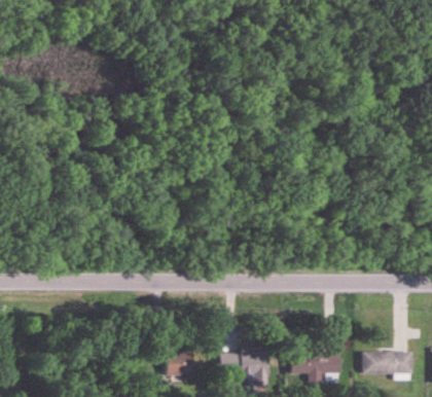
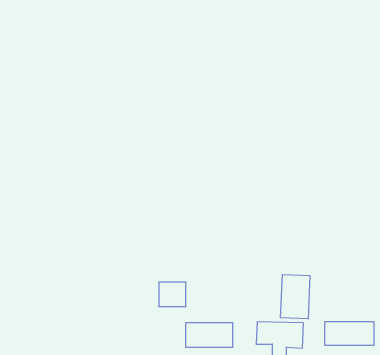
building: none -> [281,275,310,319]
building: [167,352,194,376] -> [159,282,186,306]

